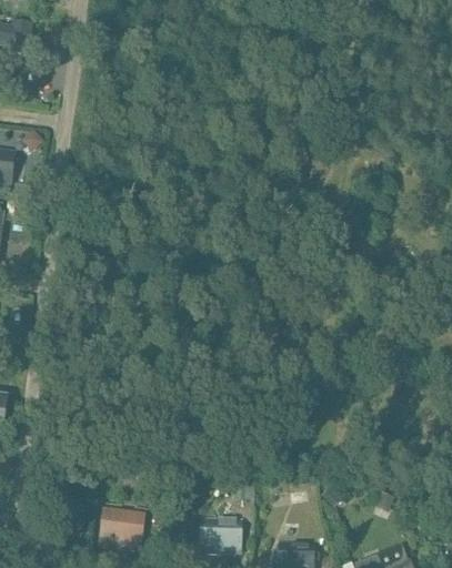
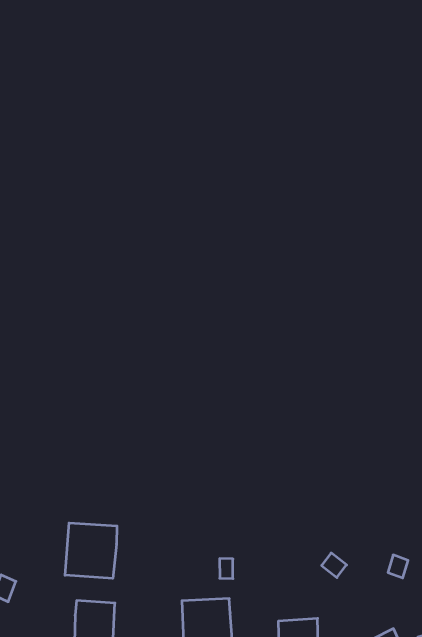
building: none -> [65,523,117,578]

